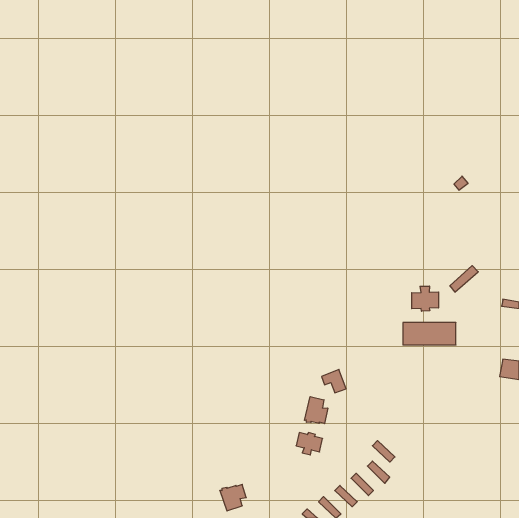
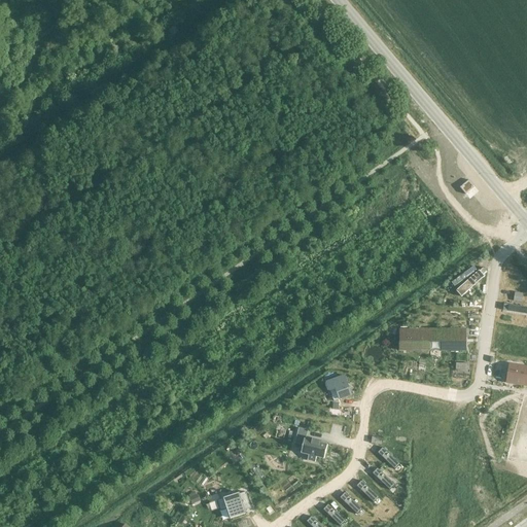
building: [412,286,438,311] -> none
building: [305,397,328,424] -> none

